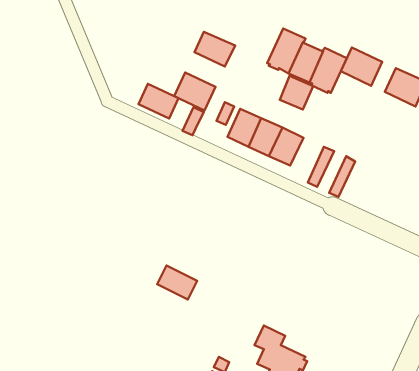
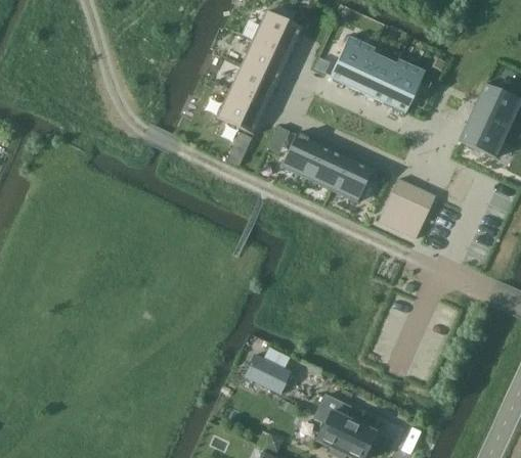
building: none -> [253,10,304,55]
building: [341,48,382,86] -> [459,111,509,157]
building: [280,76,313,110] -> none
building: [139,84,178,119] -> [230,63,278,105]
building: [157,266,197,299] -> [243,352,291,393]

